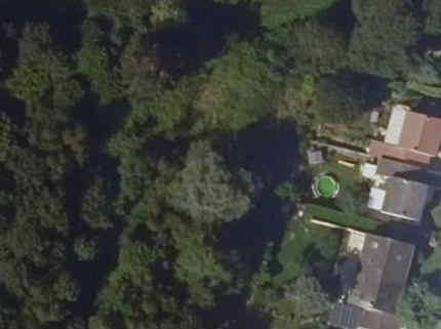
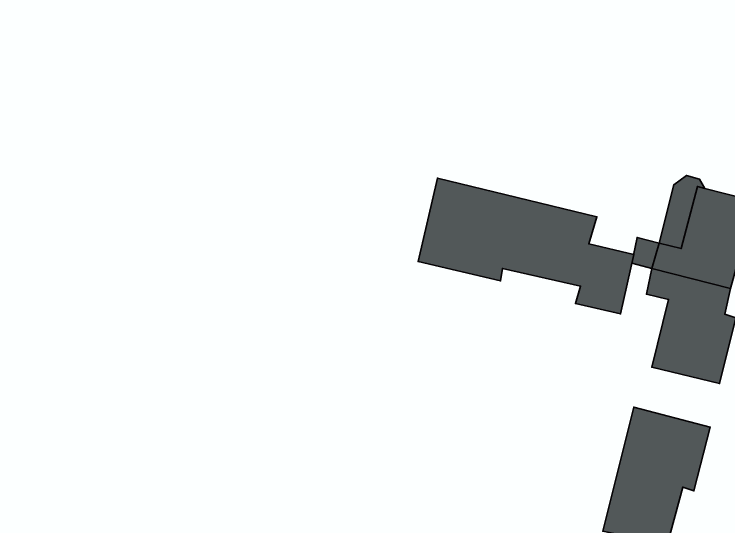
building: none -> [418,178,634,314]

